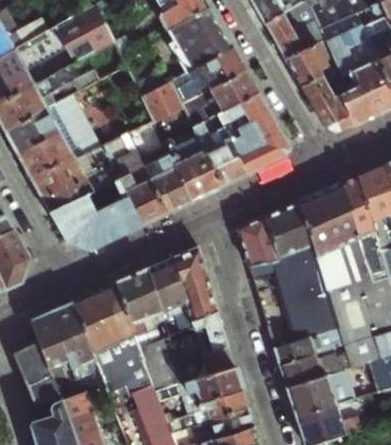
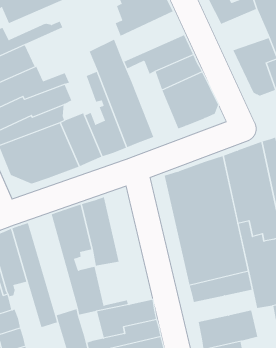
building: [286,36,340,84] -> none
building: [169,47,246,106] -> none
building: [192,114,247,187] -> none
building: [172,246,235,374] -> none
building: [90,281,152,392] -> none
building: [280,356,320,387] -> none

